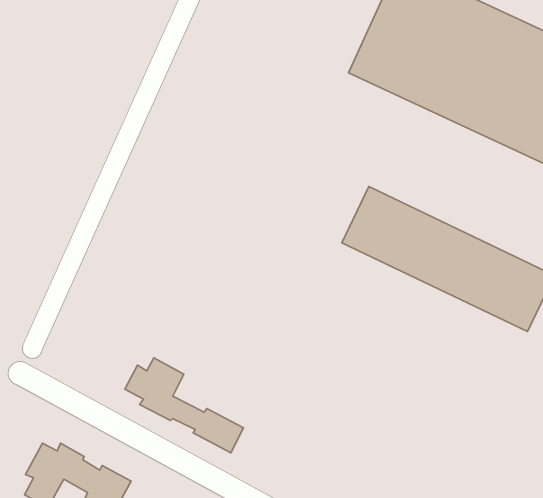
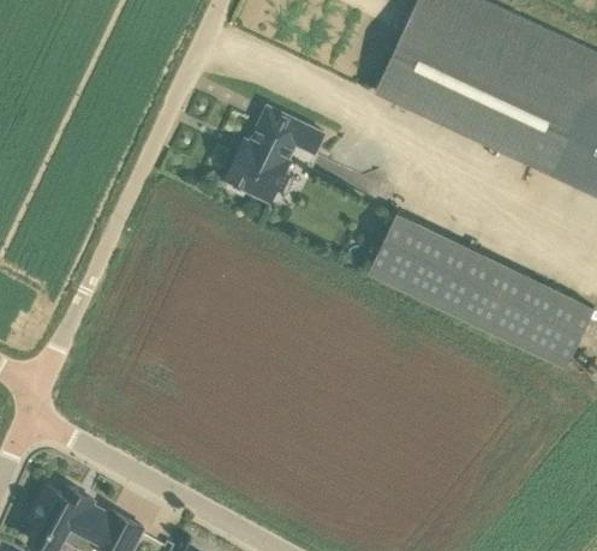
building: none -> [226,107,324,203]
building: [125,358,244,453] -> none

